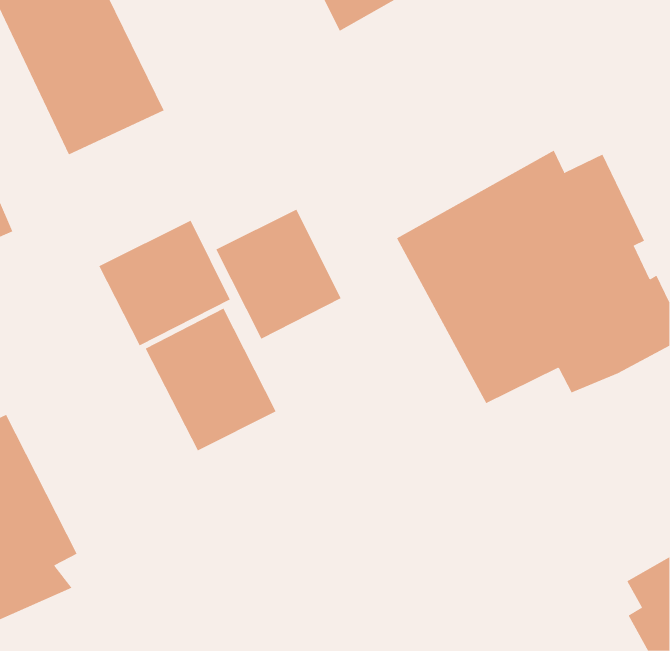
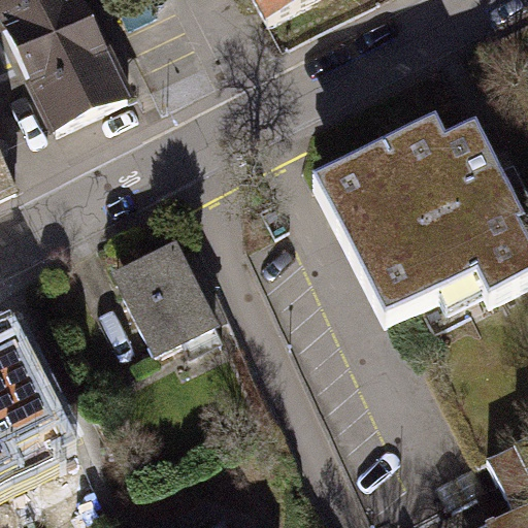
building: [215,209,341,339] -> none
building: [99,220,231,346] -> none

